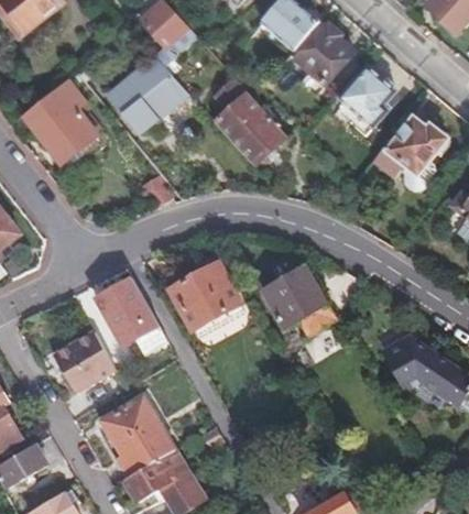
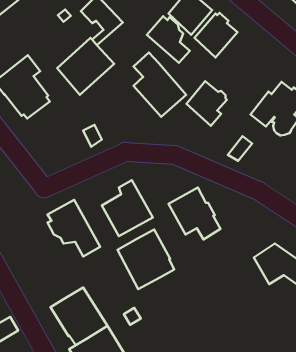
building: none -> [147,16,190,63]
building: [341,66,396,127] -> [186,81,227,126]
building: none -> [118,229,174,289]
building: [53,330,118,393] -> none

